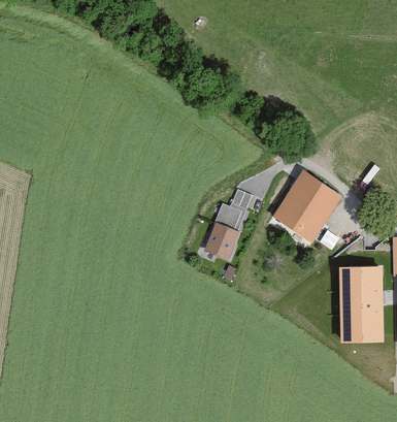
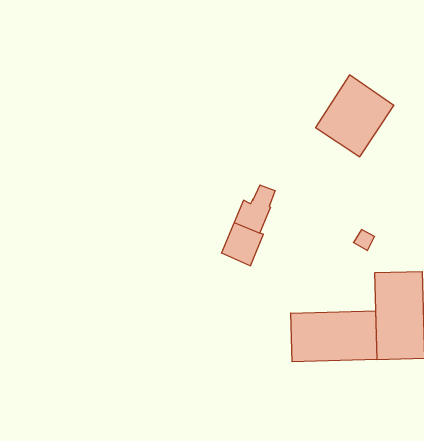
building: [273,169,342,241] -> [316,75,394,157]
building: none -> [291,311,377,362]

